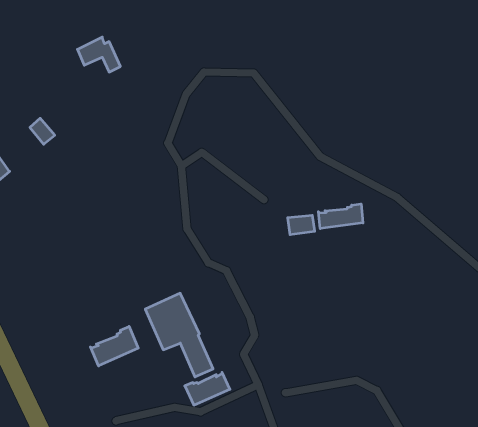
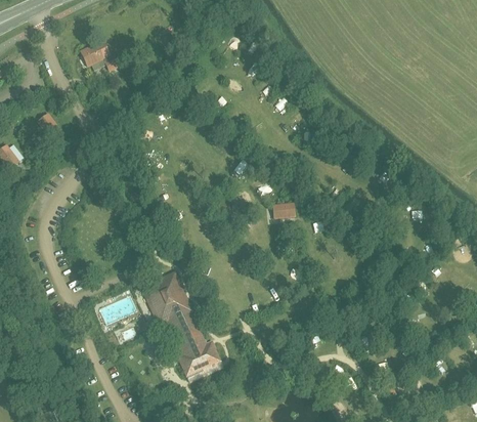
building: [318,204,363,229] -> none
building: [90,326,138,366] -> none

